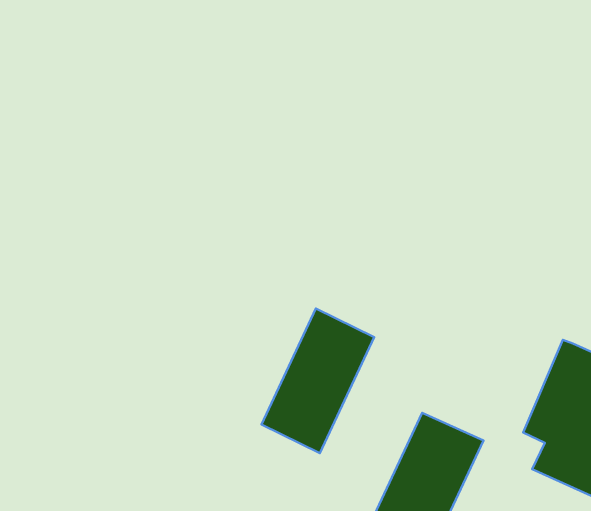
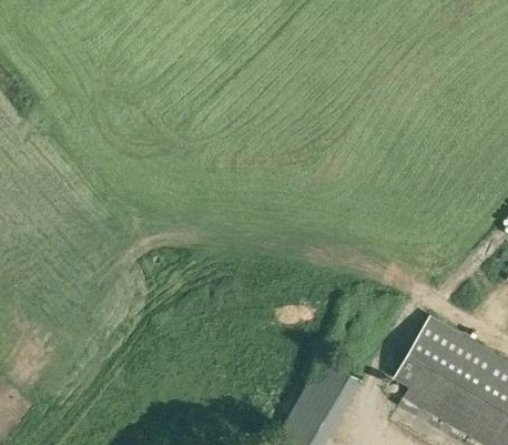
building: [262,309,374,453] -> none

